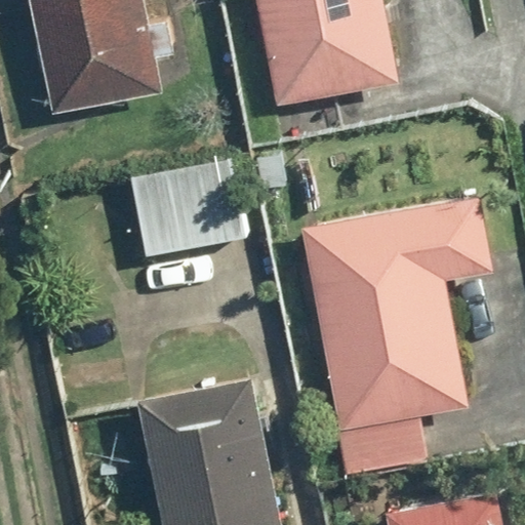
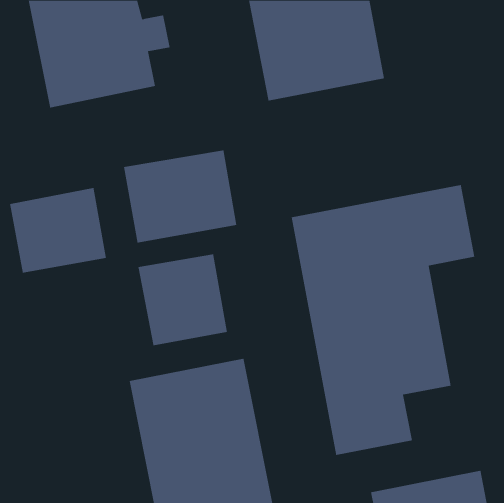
building: none -> [10,187,106,273]
building: none -> [138,253,228,346]

